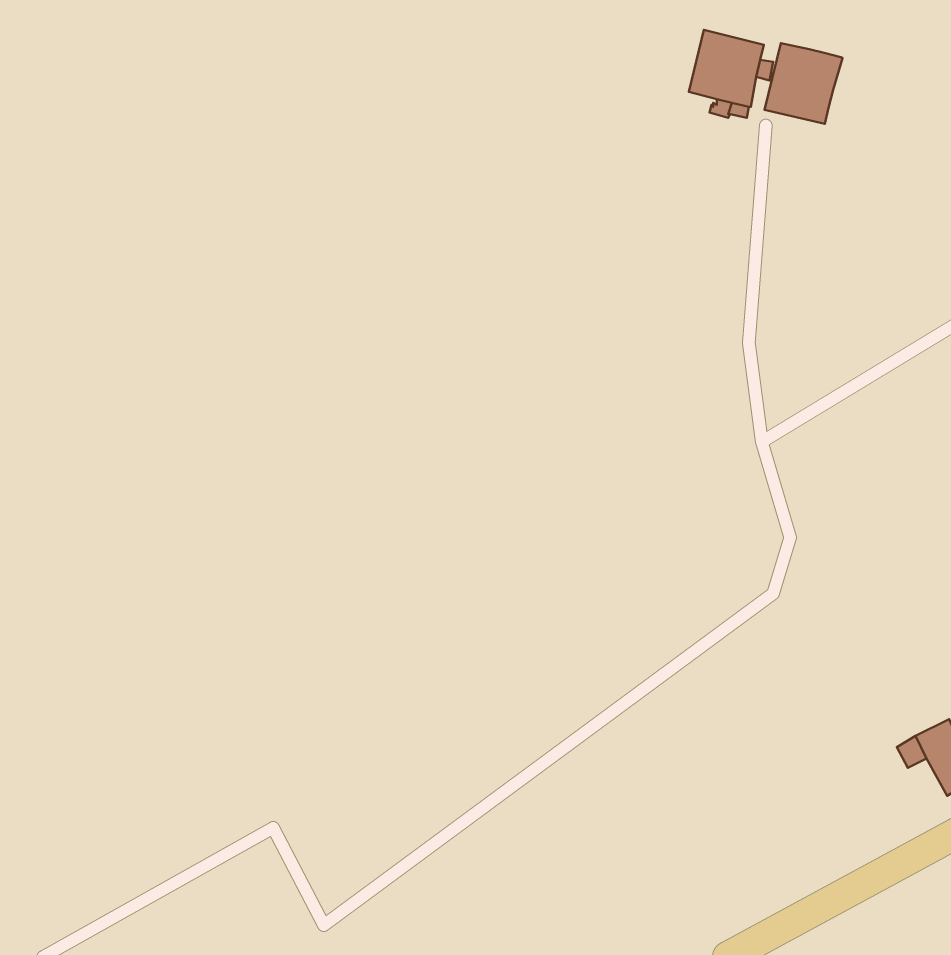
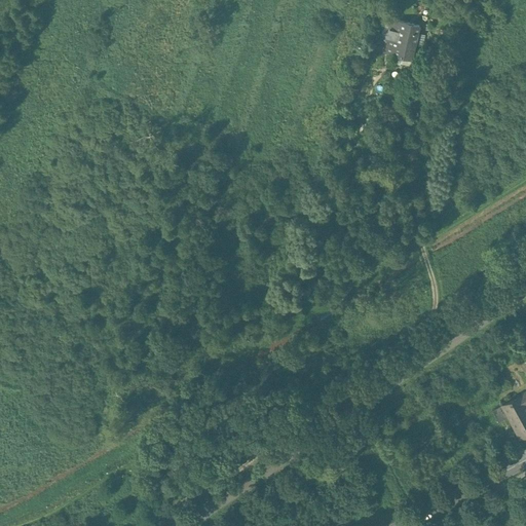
building: [765,43,843,124] -> none

